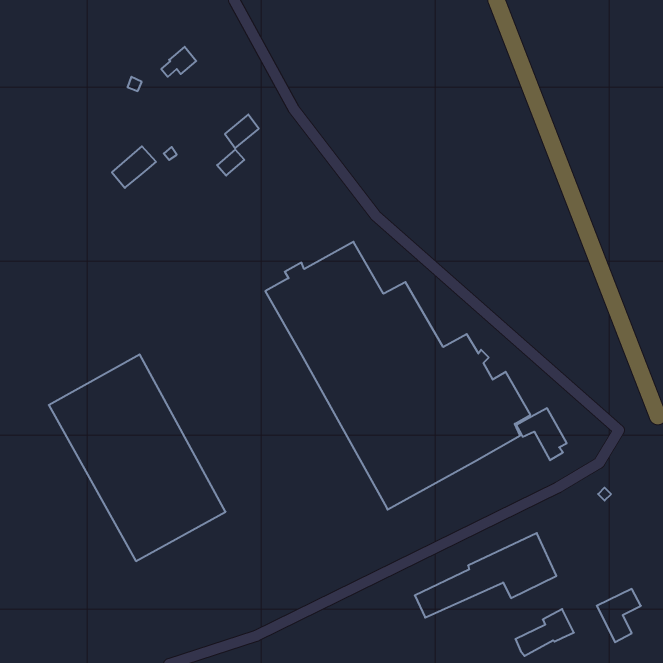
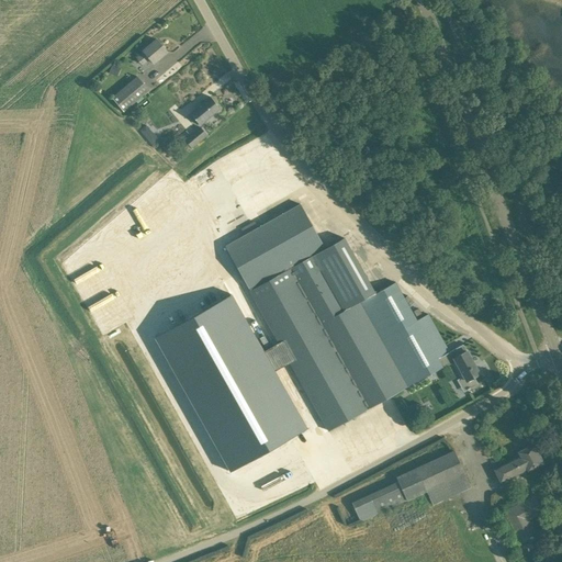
building: [112,146,156,188] -> [112,77,149,112]
building: [49,354,226,561] -> [160,291,310,465]
building: [515,609,574,656] -> [493,445,542,484]

